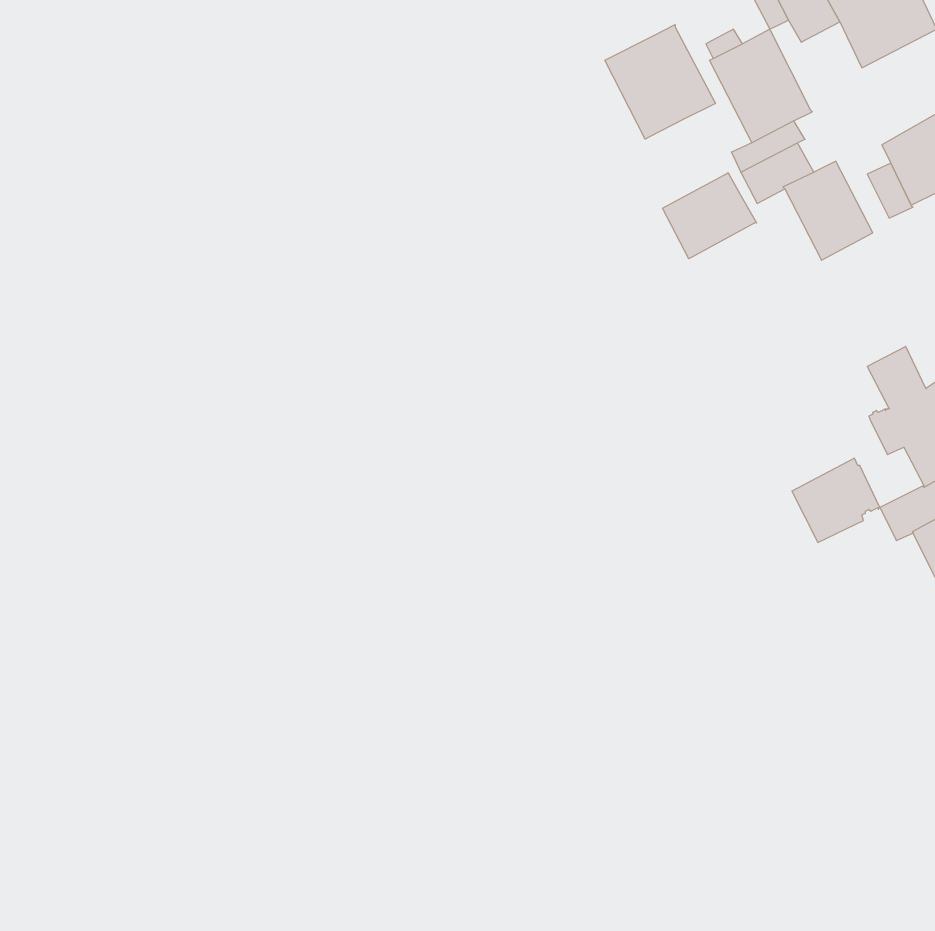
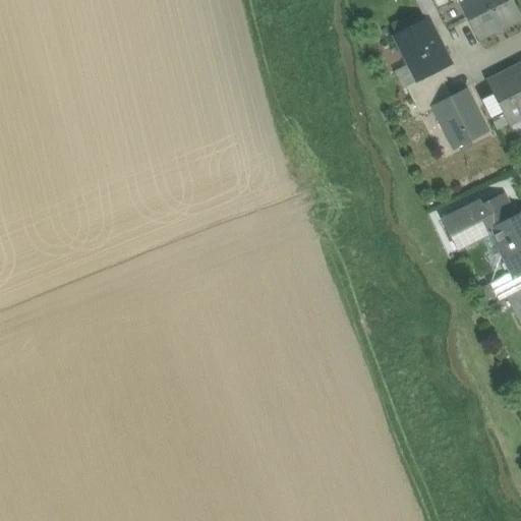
building: [605,25,715,139] -> none
building: [663,173,757,259] -> none
building: [792,458,880,542] -> [445,199,494,246]

